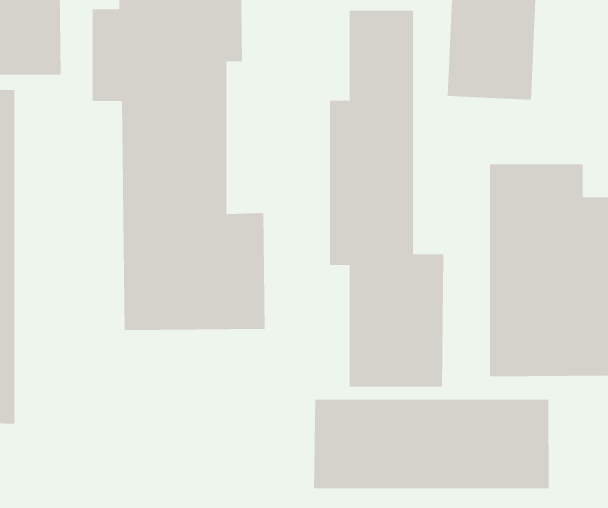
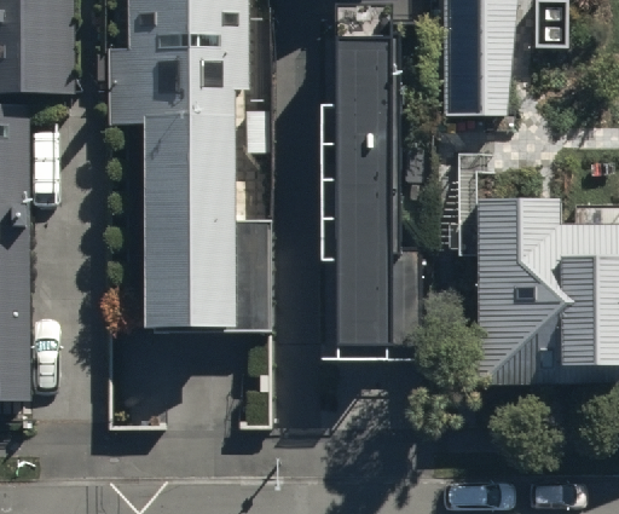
building: [313,399,549,489] -> none

